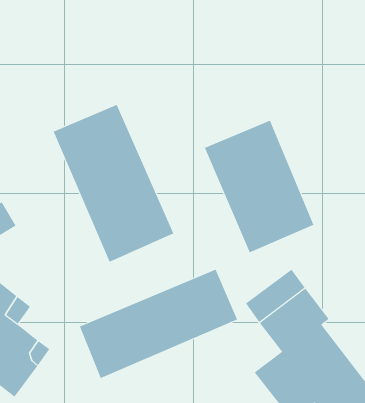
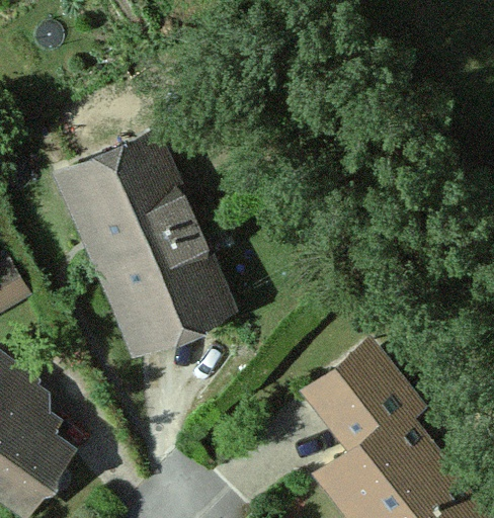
building: [204,120,314,253] -> none
building: [79,269,238,379] -> none

